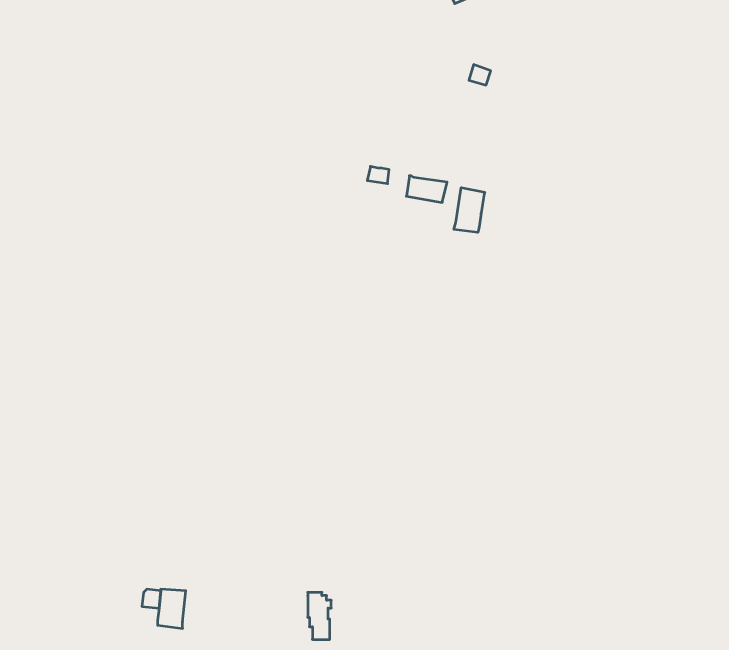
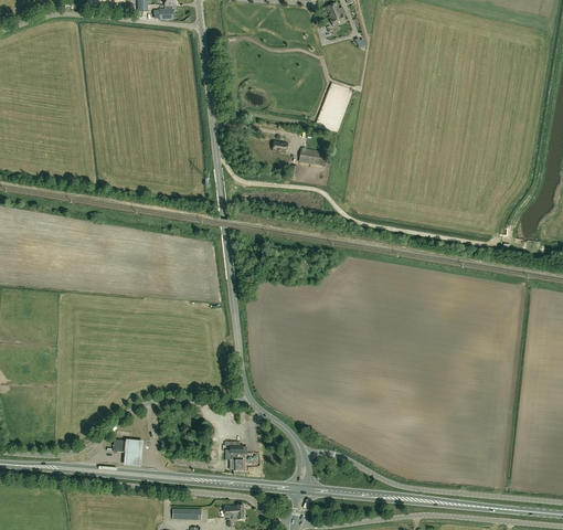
building: [454,188,485,232] -> none

